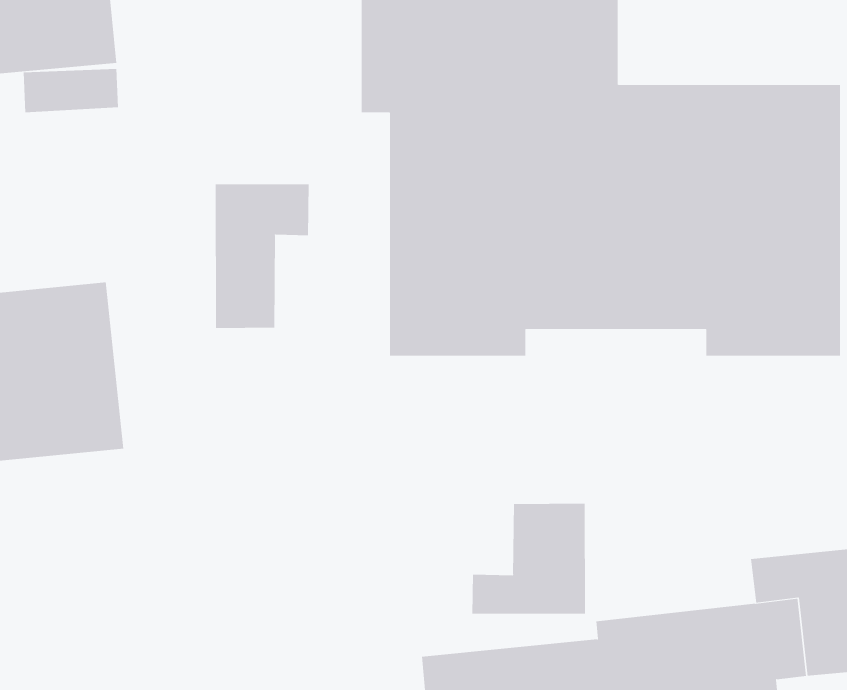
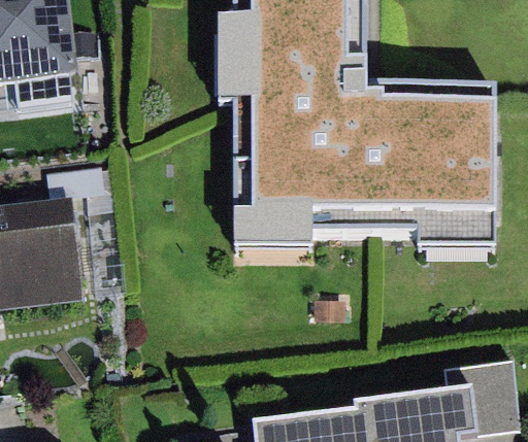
building: [215,183,309,329] -> none
building: [472,503,585,614] -> none

